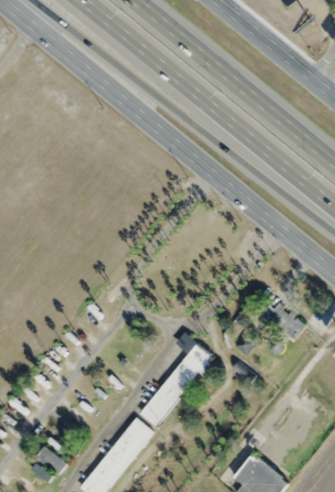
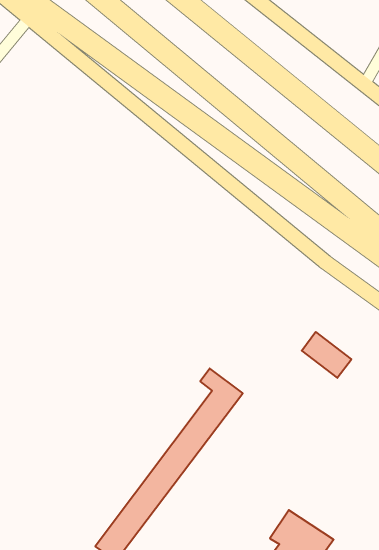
building: [37,446,67,476] -> none

